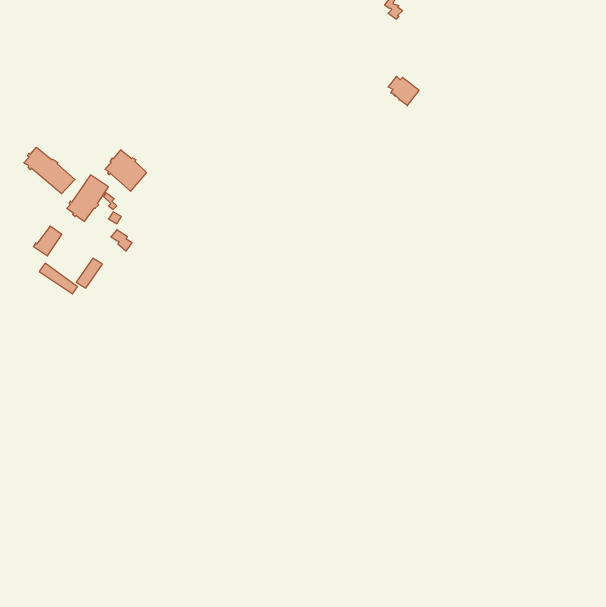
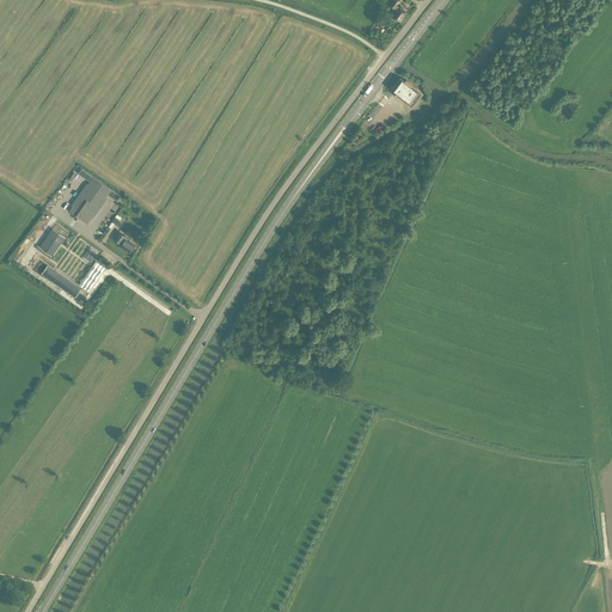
building: [24,147,75,194] -> none
building: [105,150,146,191] -> none

